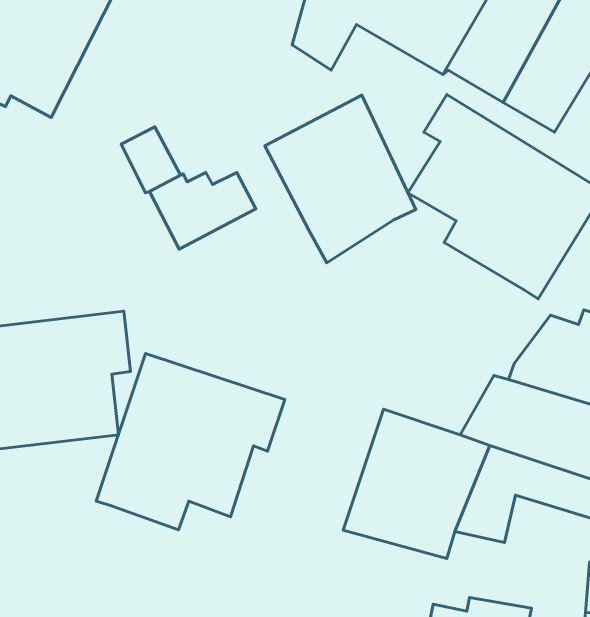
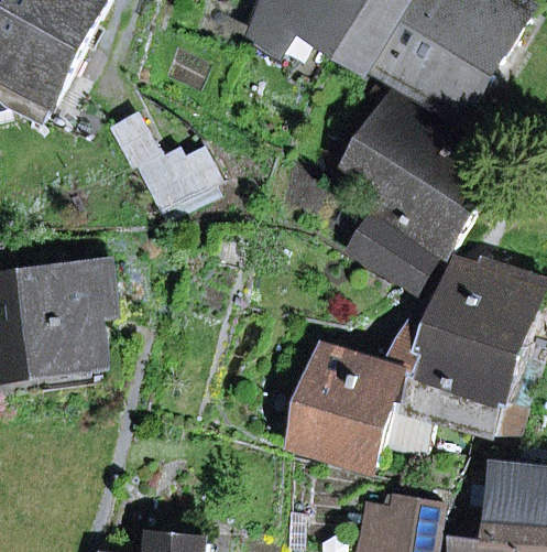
building: [265,95,416,263] -> none
building: none -> [343,207,435,289]
building: [96,354,285,530] -> none

